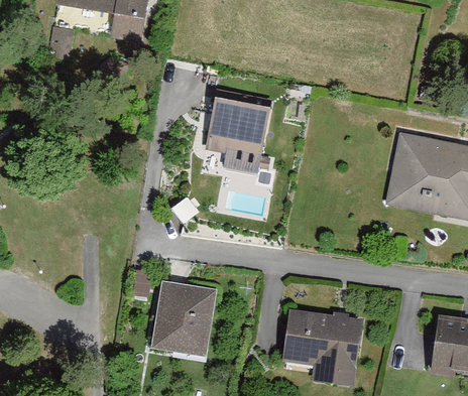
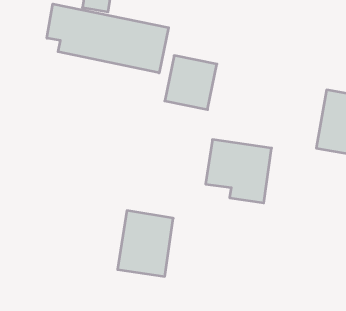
building: none -> [47,4,169,73]
building: [282,310,360,385] -> [206,140,272,203]

